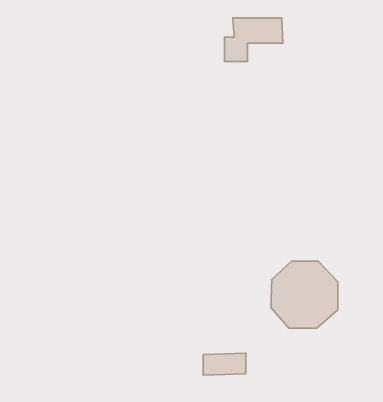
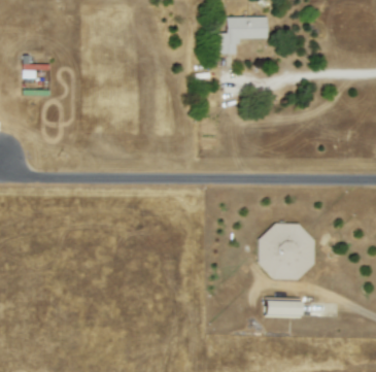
building: [203,353,246,375] -> [264,298,300,316]

